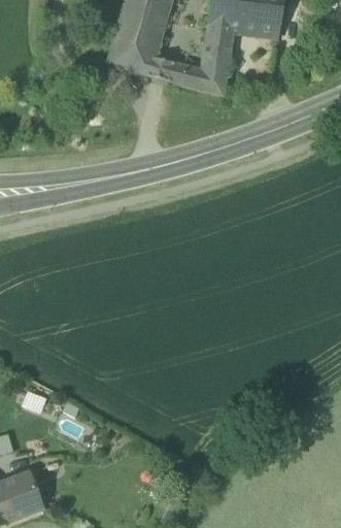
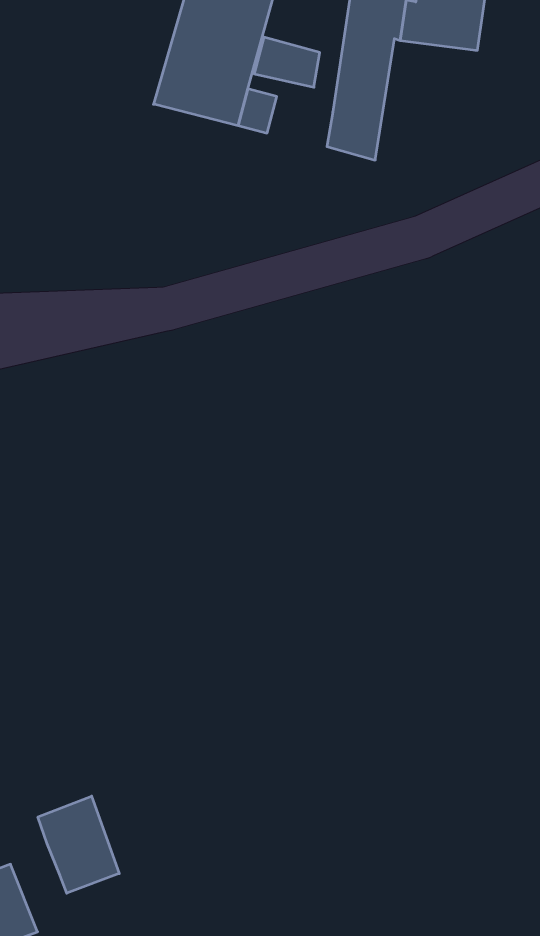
building: [168,60,203,87] -> [254,37,320,87]
building: none -> [38,796,119,893]

